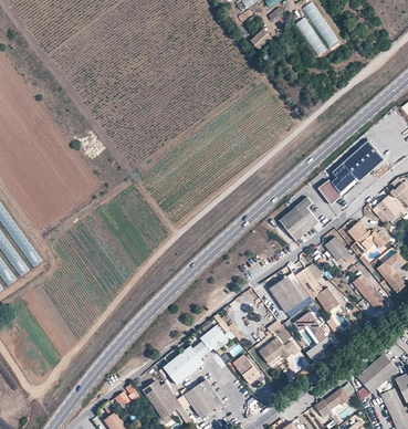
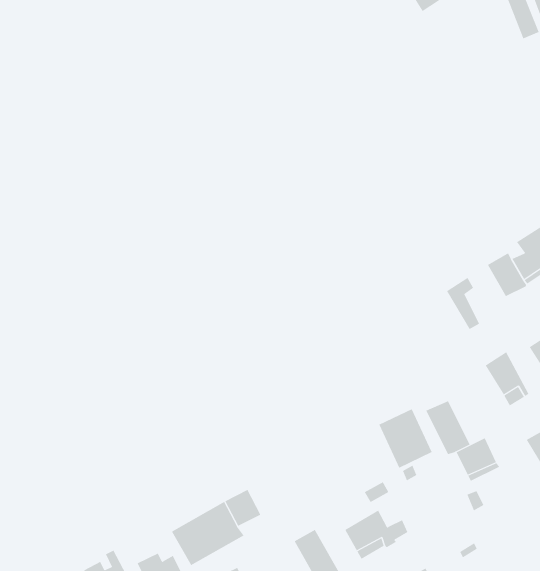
building: [279,207,312,240] -> none
building: [292,311,332,358] -> none
building: [200,324,234,350] -> none

